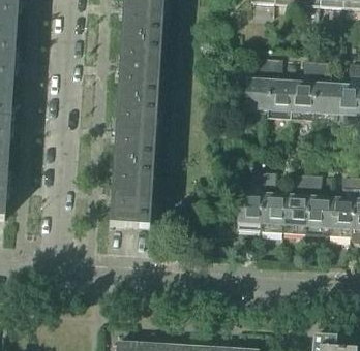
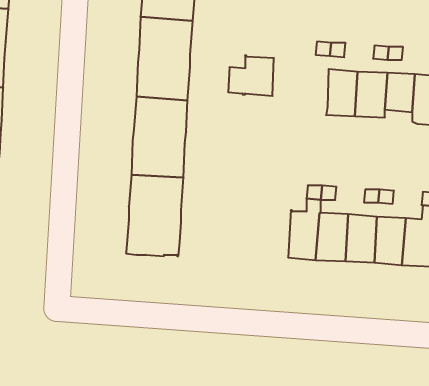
building: [234,76,270,108] -> [228,55,274,96]

